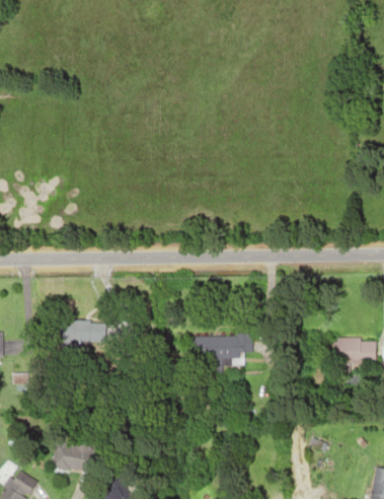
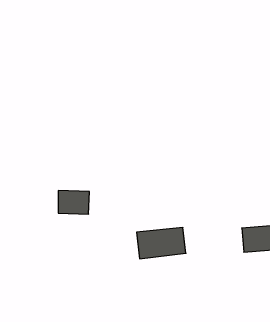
building: [72,317,110,348] -> [58,191,89,214]

